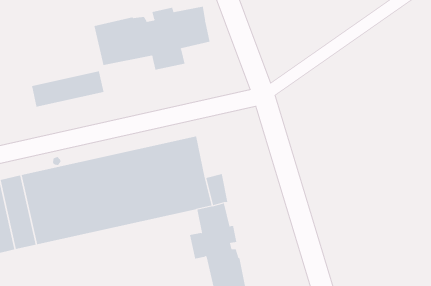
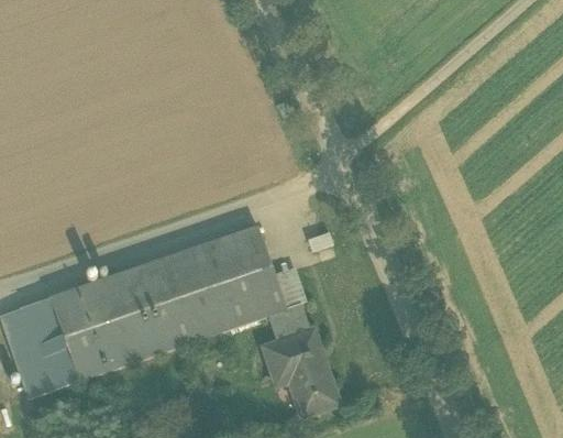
building: [94,6,210,70] -> none
building: [31,70,104,107] -> none

